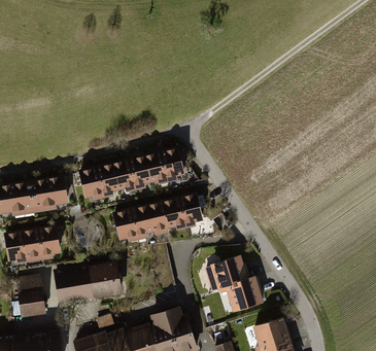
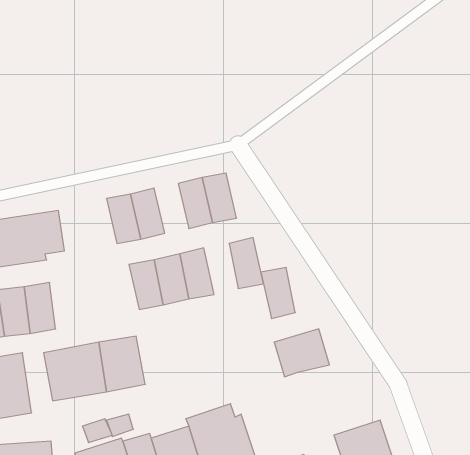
building: [129,156,152,190] -> none
building: [79,167,103,202] -> none
building: [163,198,186,233] -> [261,268,295,319]
building: [228,278,266,313] -> none

